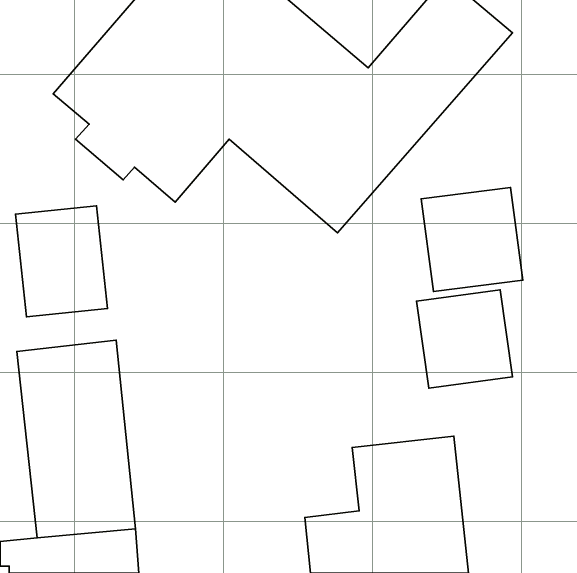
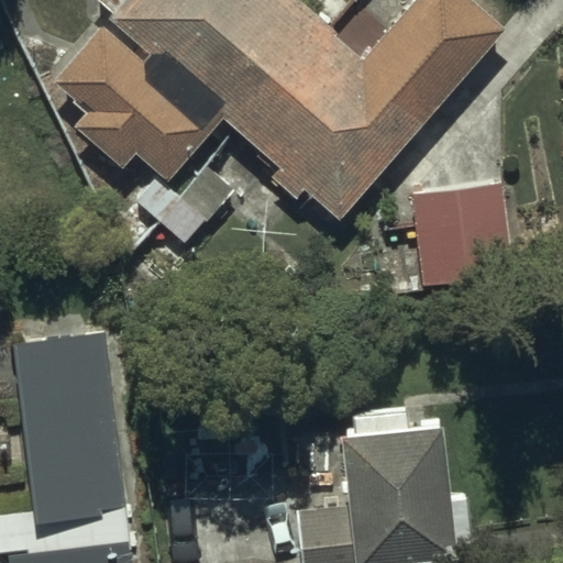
building: [15,206,108,317] -> none
building: [416,290,512,388] -> none

